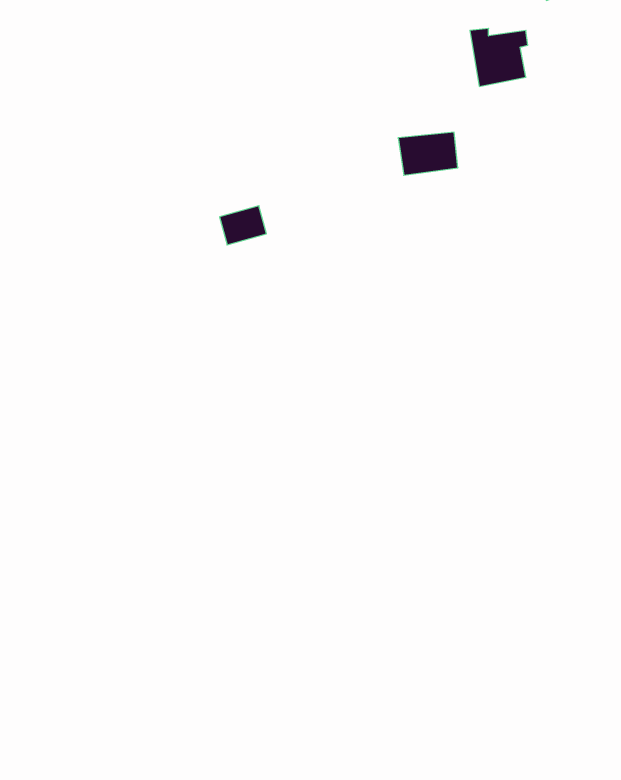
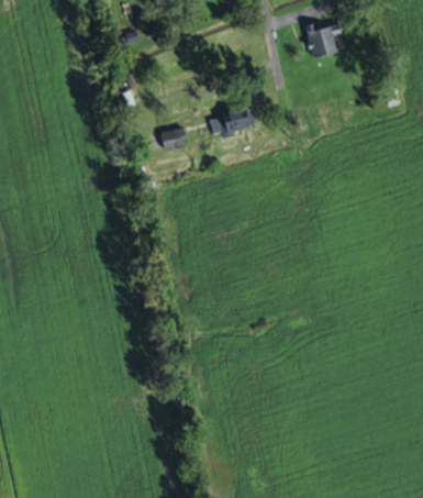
building: [398,132,458,175] -> [220,109,255,134]

